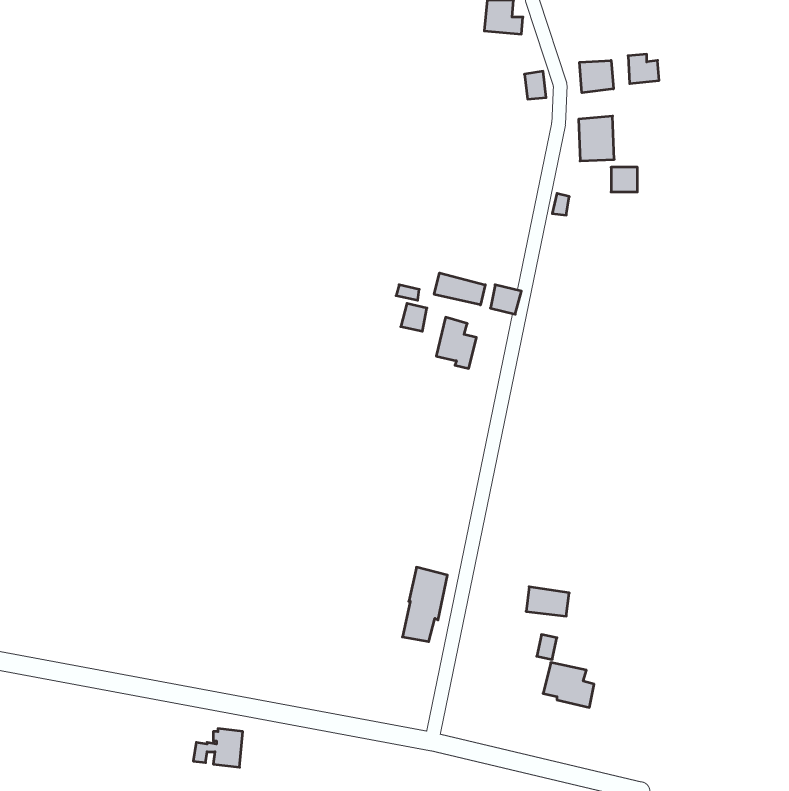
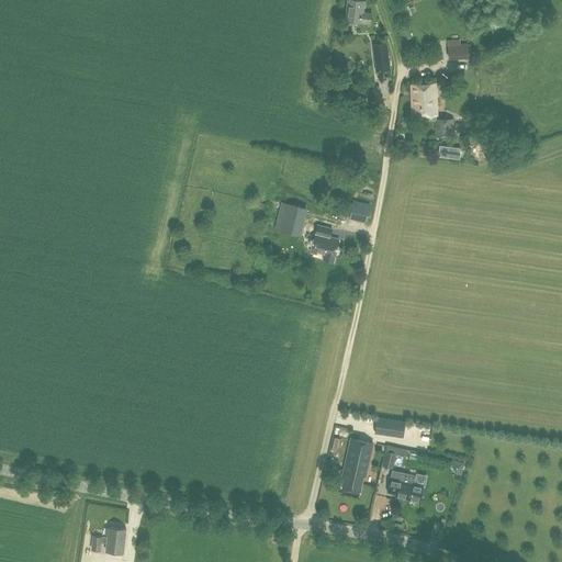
building: [580,60,613,93] -> none
building: [434,273,485,305] -> none
building: [402,567,447,642] -> [340,438,372,491]
building: [193,729,243,767] -> [90,526,125,553]

